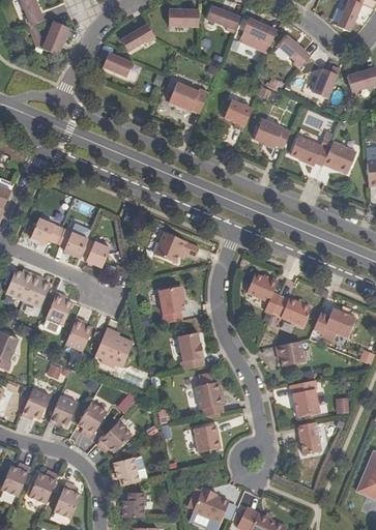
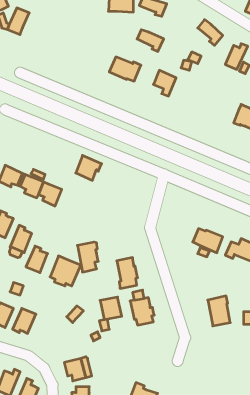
building: [243,18,277,45] -> [137,30,164,51]
building: [121,23,155,50] -> none
building: [99,49,133,76] -> none
building: [254,119,290,147] -> none
building: [291,135,329,164] -> none
building: [154,231,186,262] -> [76,155,102,180]
building: [241,270,280,314] -> none
building: [158,286,184,323] -> [77,242,98,272]
building: [276,340,305,364] -> none
building: [76,404,106,438] -> none
building: [297,421,321,453] -> none
building: [96,422,129,453] -> none
building: [194,423,221,451] -> [100,297,122,320]

